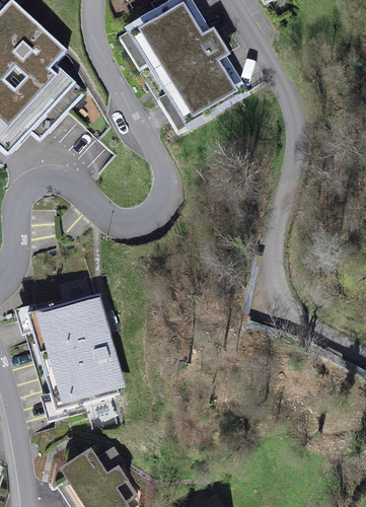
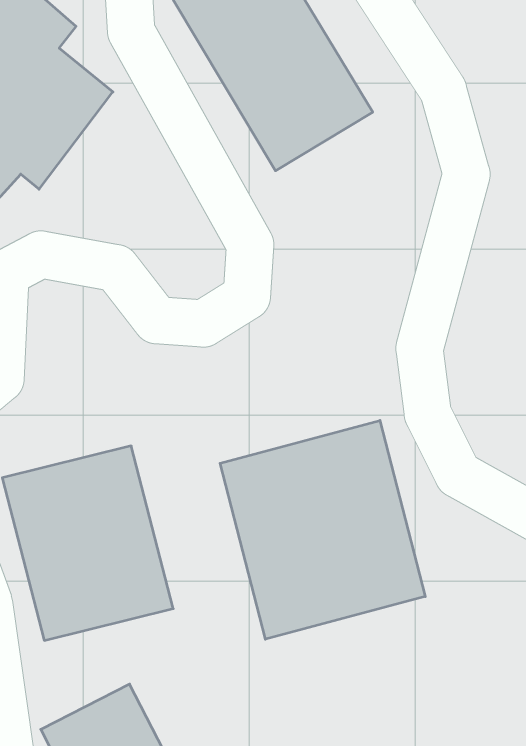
building: none -> [220,420,425,639]

